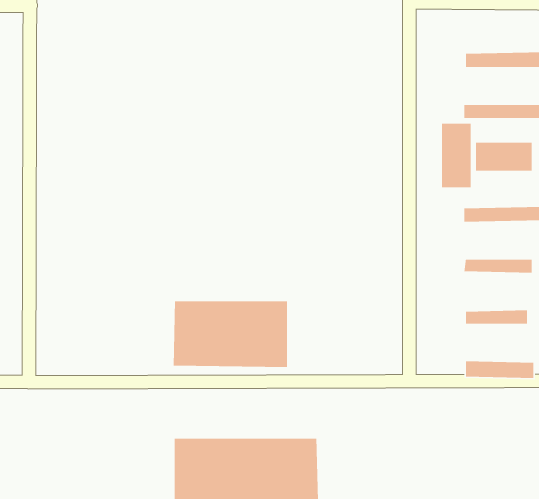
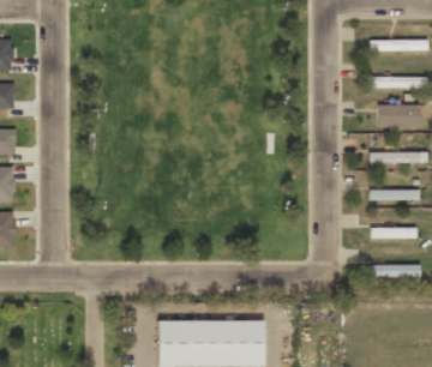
building: [441,123,472,188] -> none
building: [173,300,288,368] -> none

